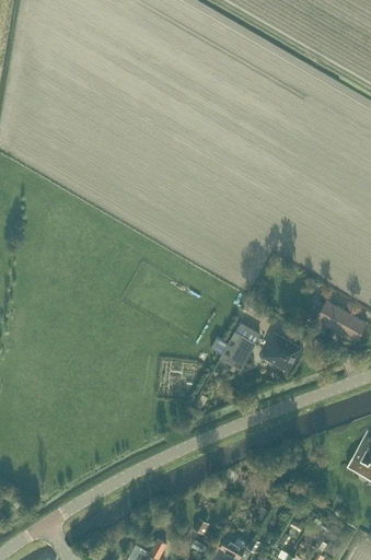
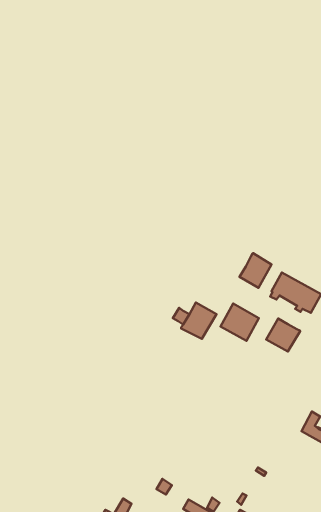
building: none -> [240,253,271,288]
building: none -> [266,318,300,351]

